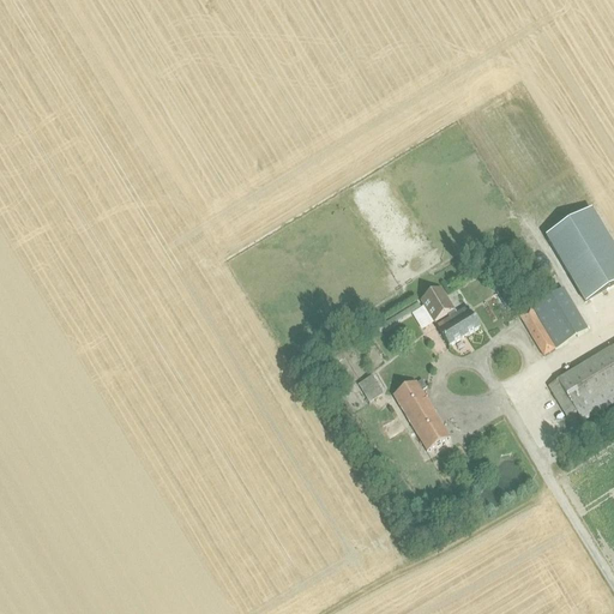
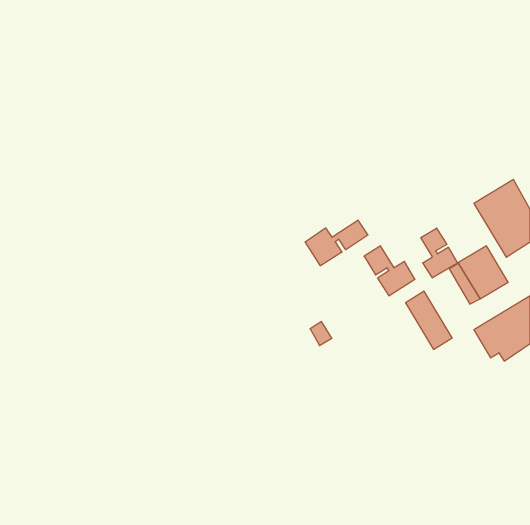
building: none -> [305,220,368,266]
building: none -> [421,228,458,278]
building: [395,379,449,446] -> [406,291,452,349]

